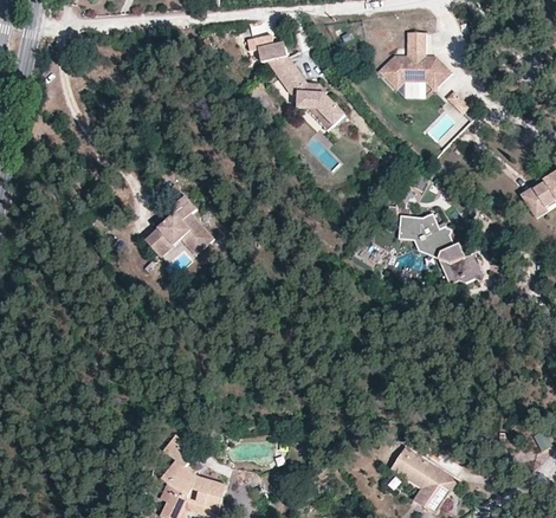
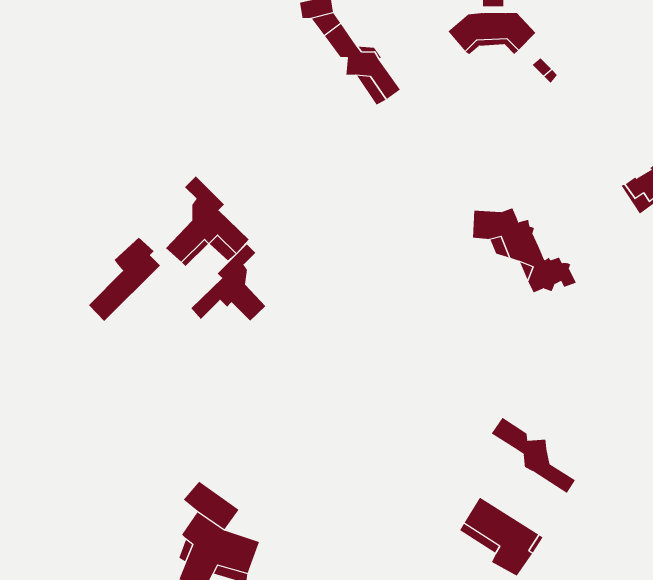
building: none -> [88,237,161,322]
building: none -> [190,244,266,321]
building: none -> [491,417,576,494]

